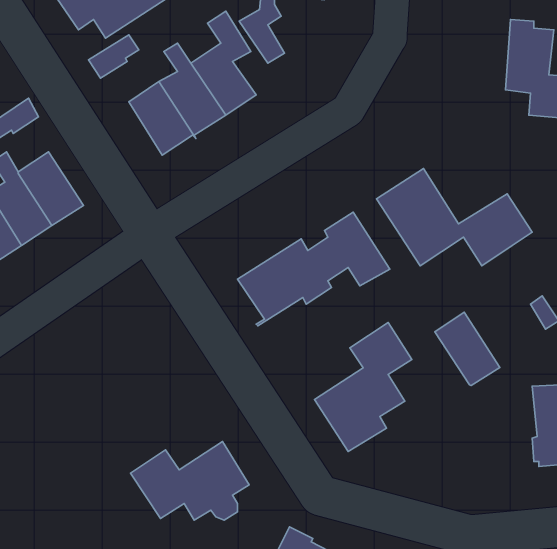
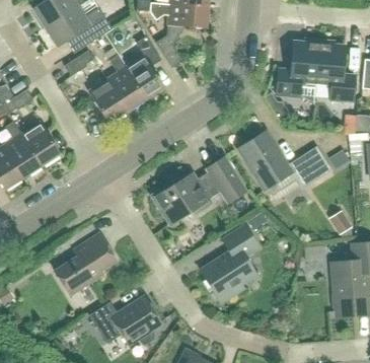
building: none -> [277,40,319,100]
building: [435,312,500,386] -> none
building: none -> [54,232,118,293]

